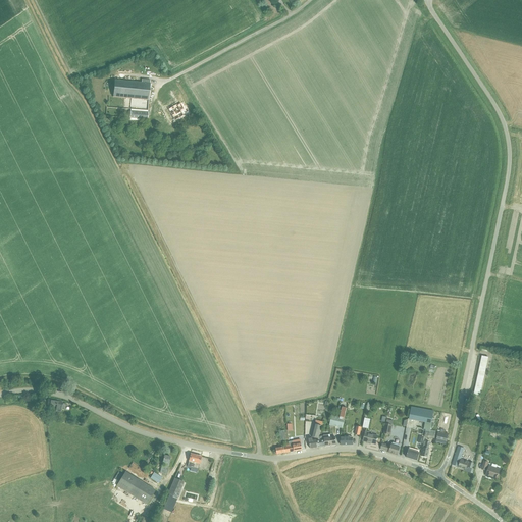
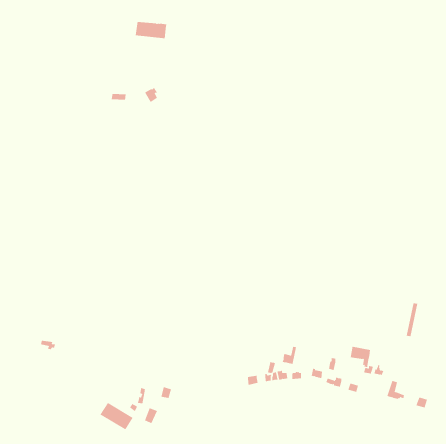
building: [113,79,151,99] -> [135,21,167,39]

